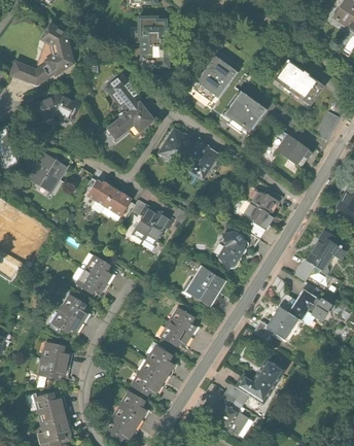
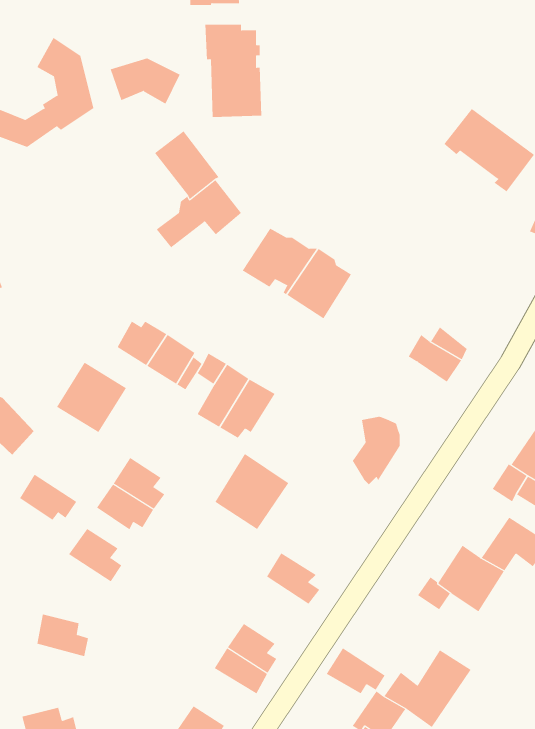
building: [188,54,237,106] -> none
building: [220,88,267,133] -> none
building: [40,94,79,119] -> [110,58,181,104]
building: [277,130,312,166] -> none
building: [29,152,68,192] -> [56,362,127,433]
building: [244,202,273,229] -> none
building: [184,265,225,307] -> [214,453,289,530]
building: [52,308,84,334] -> [19,474,77,520]
building: [161,320,193,346] -> [326,648,386,694]
building: [39,357,70,379] -> none
building: [132,371,165,397] -> none

